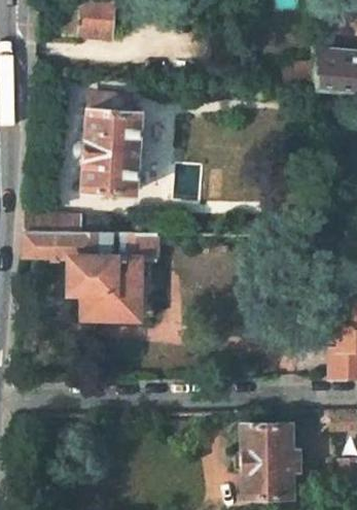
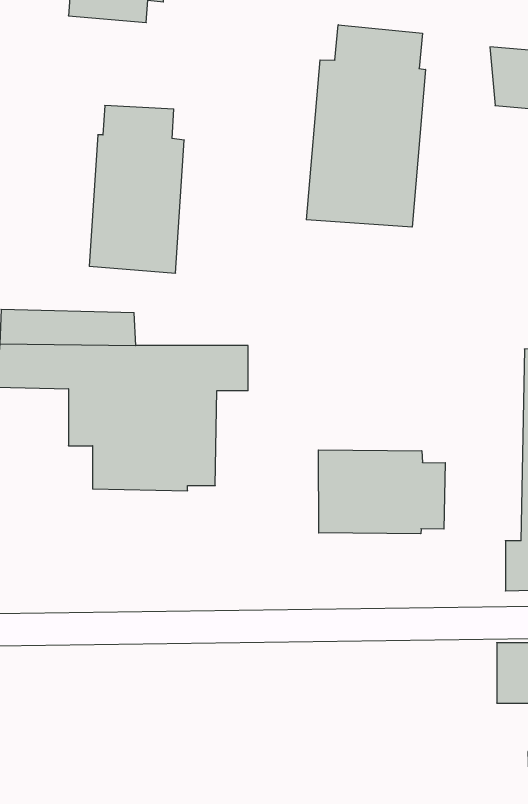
building: none -> [306,25,425,227]
building: none -> [318,450,445,534]
building: [235,424,291,497] -> none

